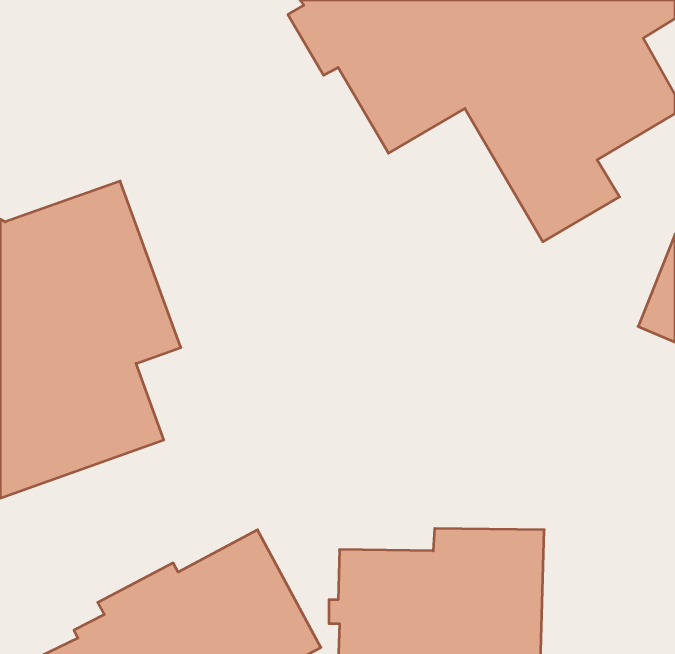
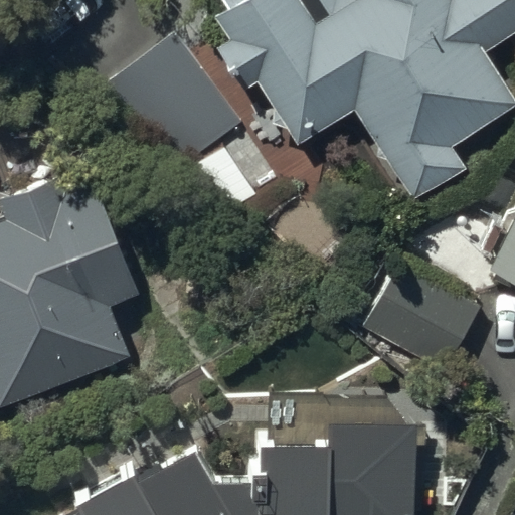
building: none -> [106,32,241,177]
building: none -> [361,258,479,372]

